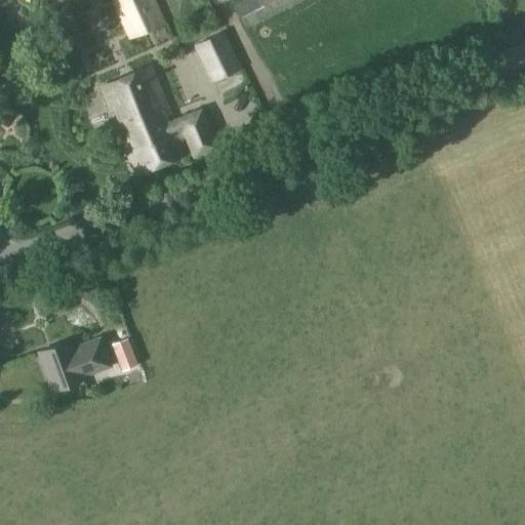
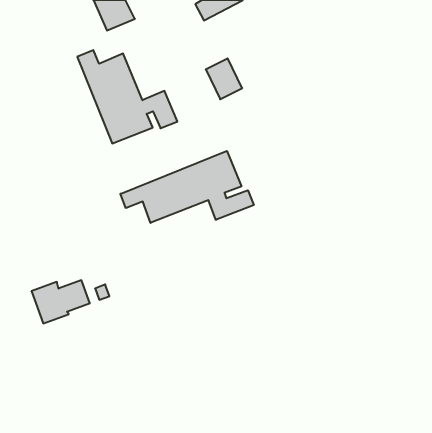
building: [197,32,241,81] -> [206,58,242,99]
building: none -> [120,151,254,223]

